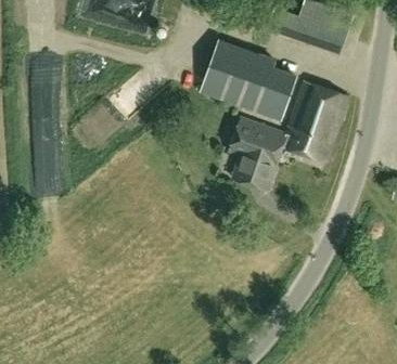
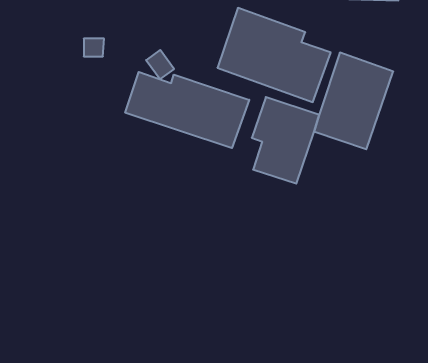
building: none -> [125,72,249,148]

